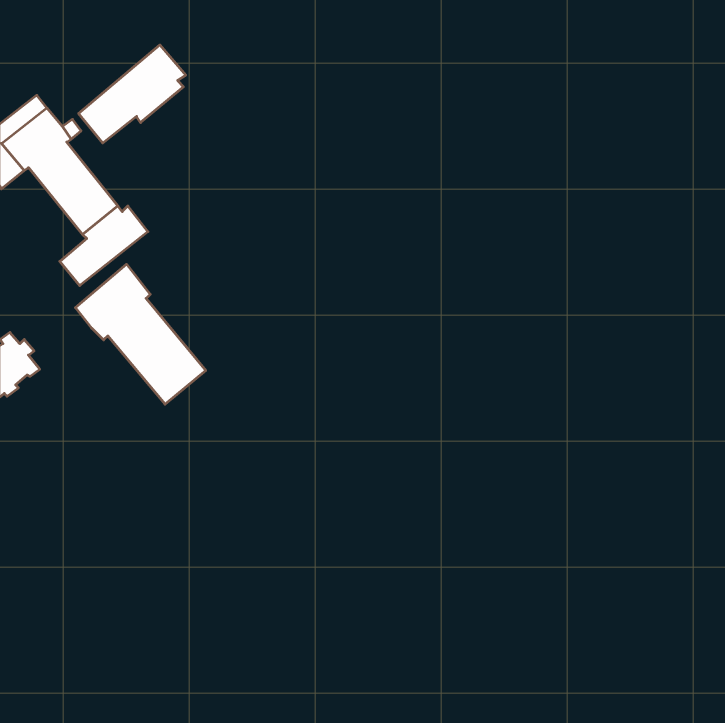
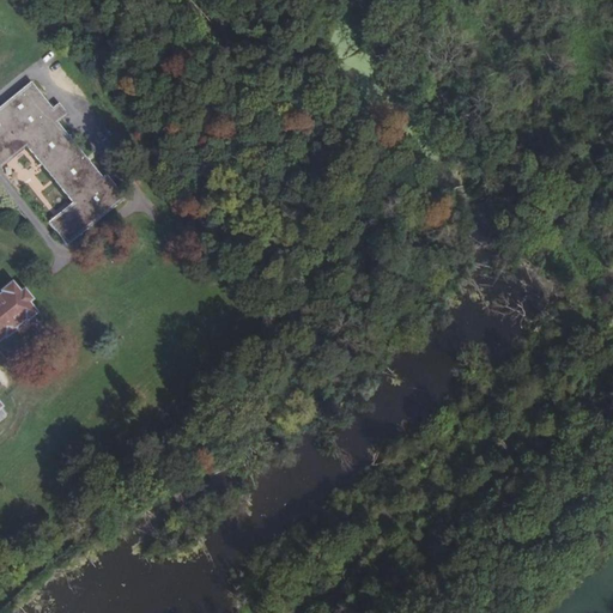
building: [79,45,186,143] -> none
building: [75,264,206,404] -> none

